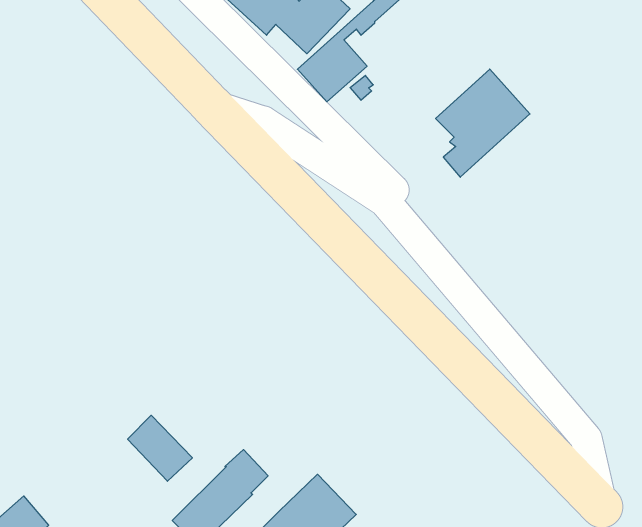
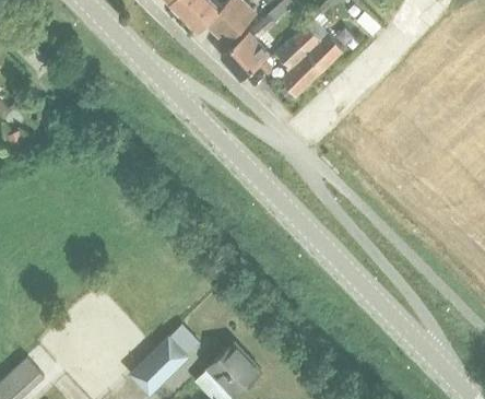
building: [436,69,530,177] -> [275,17,342,94]
building: [128,415,192,481] -> none

